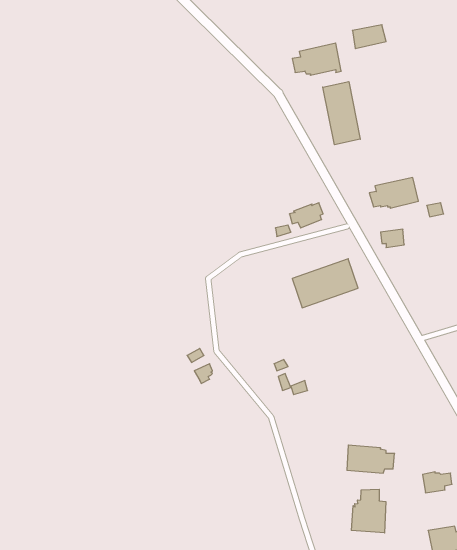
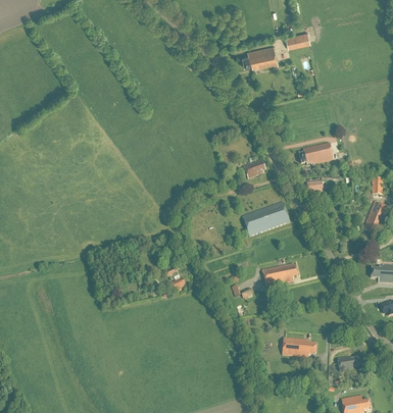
building: [323,82,360,145] -> none
building: none -> [262,262,299,286]
building: [351,489,386,533] -> none

